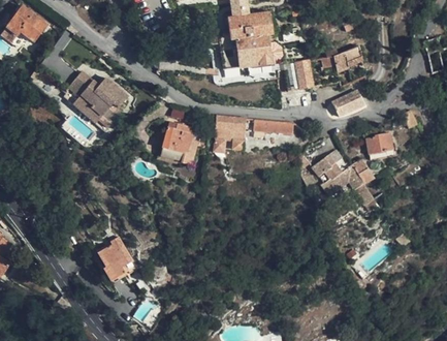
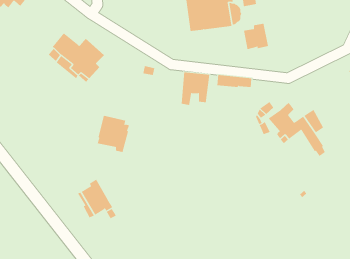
building: [320,45,362,70] -> none
building: [332,90,365,116] -> none
building: [162,122,199,164] -> [97,115,130,153]
building: [366,132,397,157] -> none

